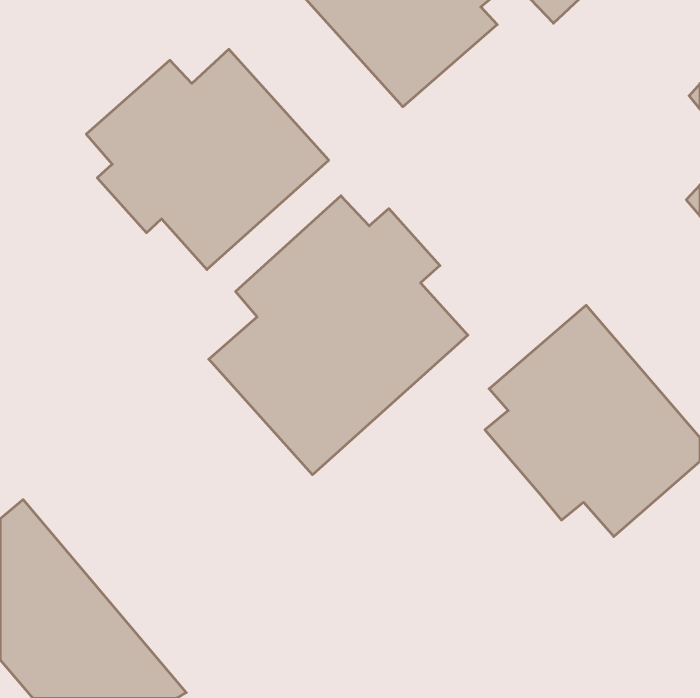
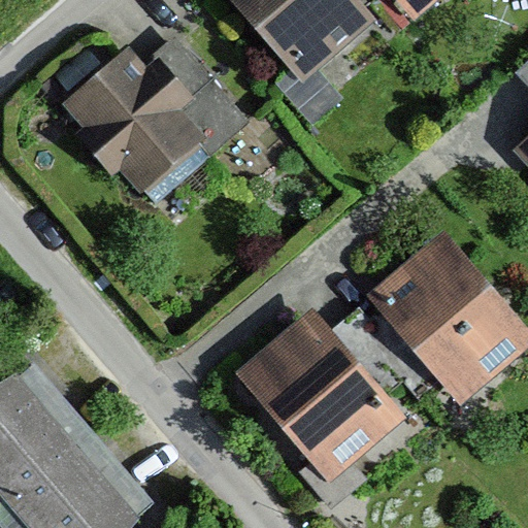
building: [209,196,468,475] -> none
building: none -> [237,309,407,480]

